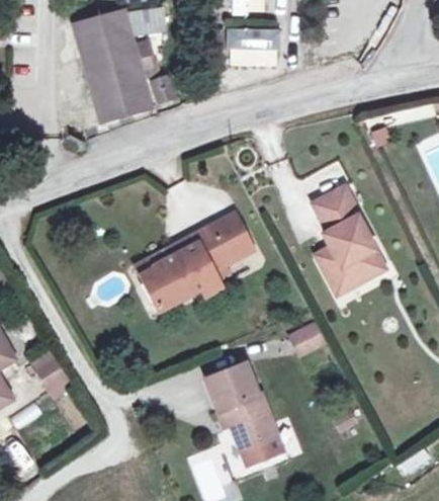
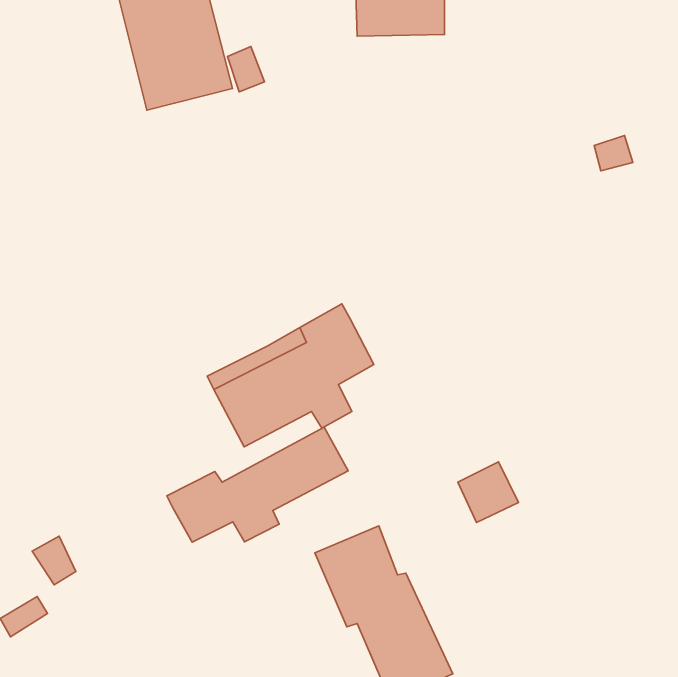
building: [316,182,384,287] -> none
building: [218,218,256,264] -> none
building: none -> [167,427,348,542]

